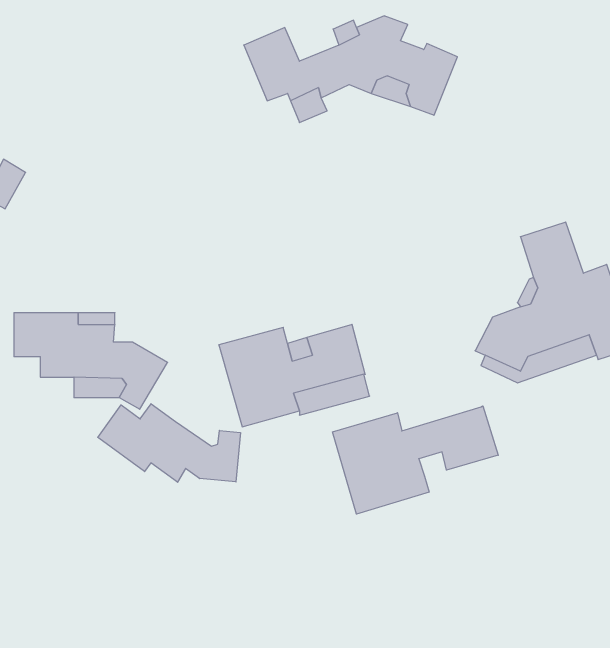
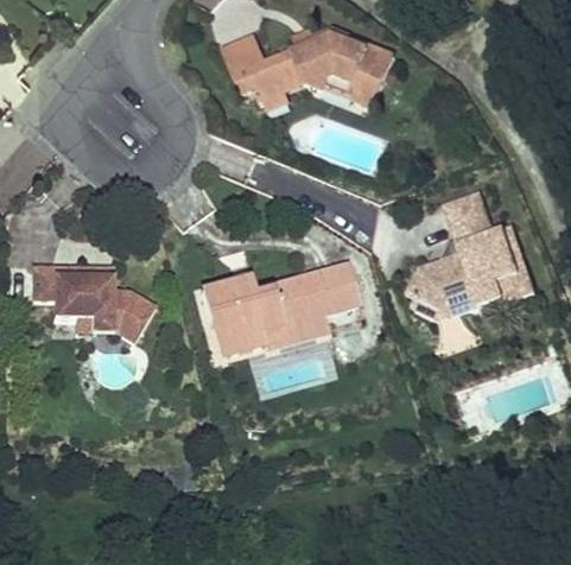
building: none -> [312,262,361,312]
building: [98,404,240,482] -> none
building: [333,406,498,514] -> none

